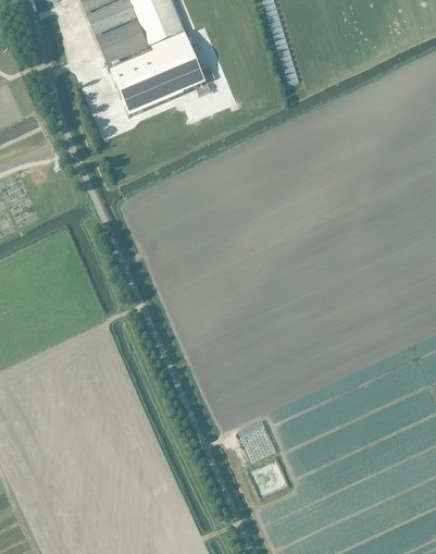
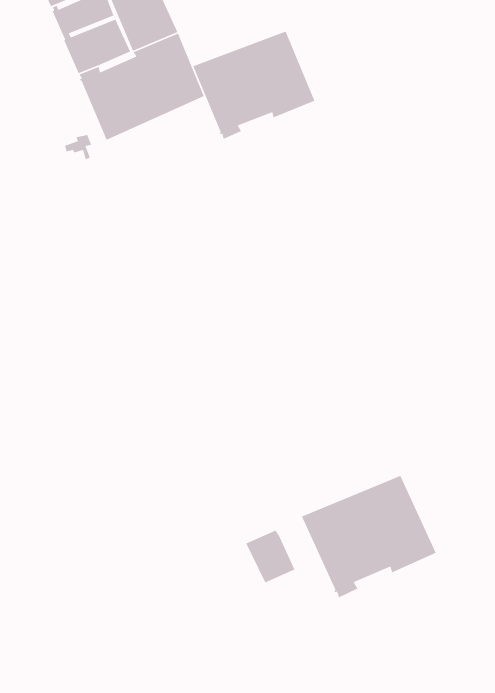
building: none -> [192,31,316,140]
building: none -> [301,475,437,598]

